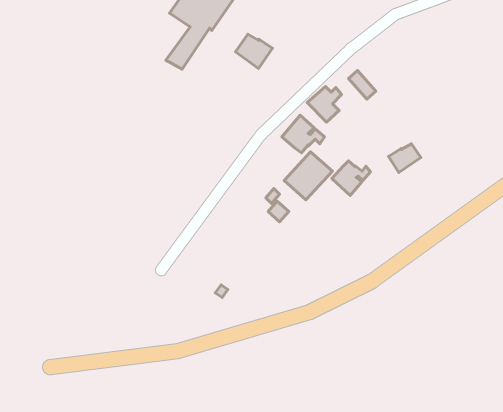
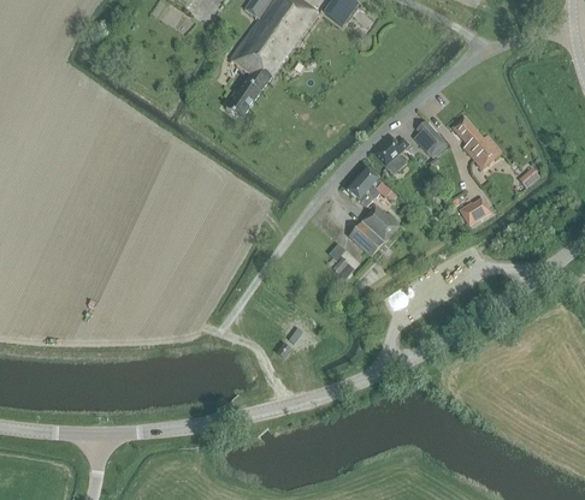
building: [235,34,272,69] -> none
building: none -> [451,117,501,168]
building: [332,161,371,195] -> none

